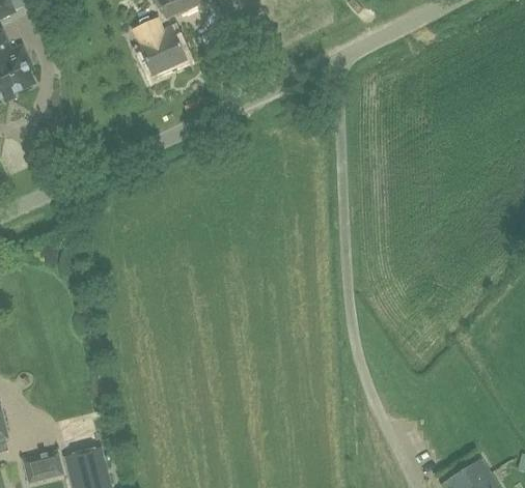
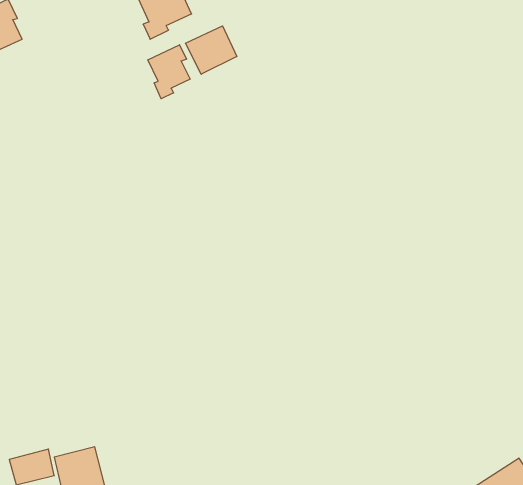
building: none -> [185,26,237,74]
building: none -> [148,45,190,99]

